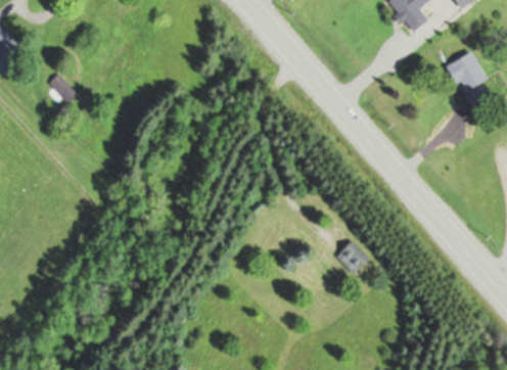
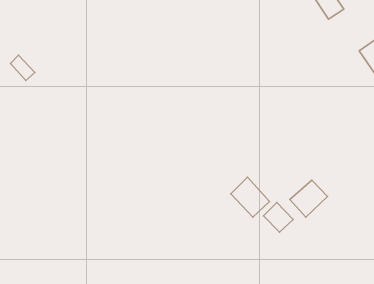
building: none -> [231,177,270,217]
building: none -> [290,180,328,217]

